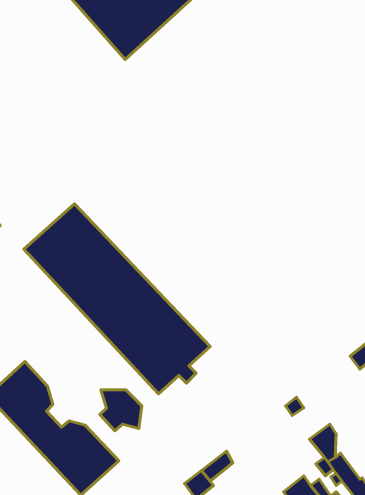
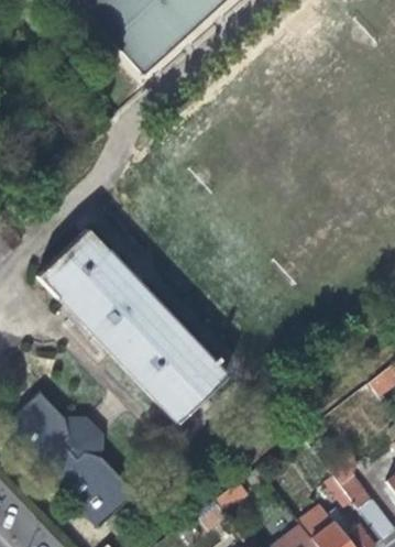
building: [100,390,142,431] -> [61,414,103,456]

